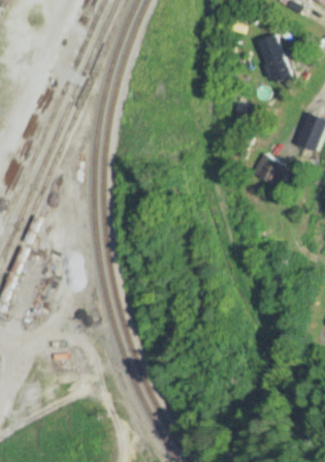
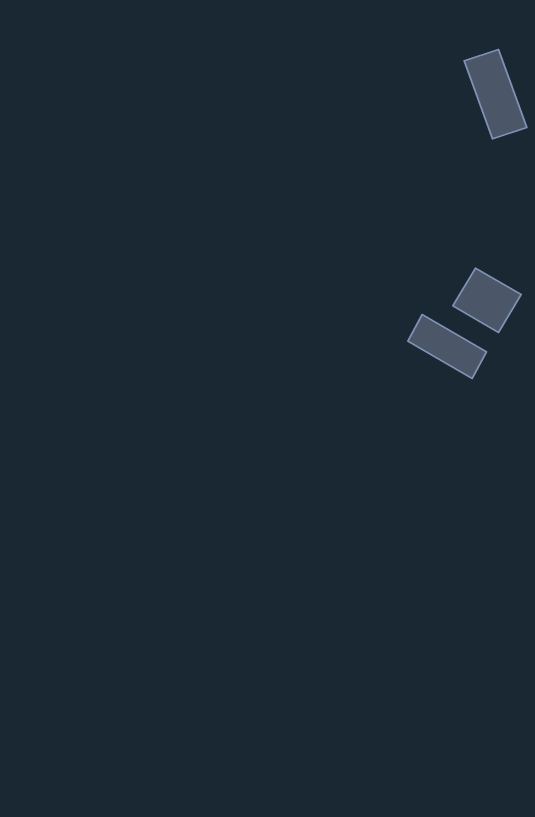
building: none -> [408,314,487,379]

